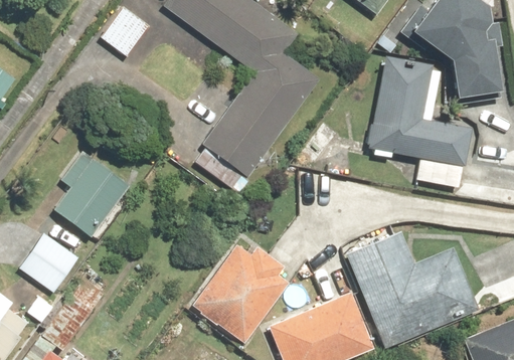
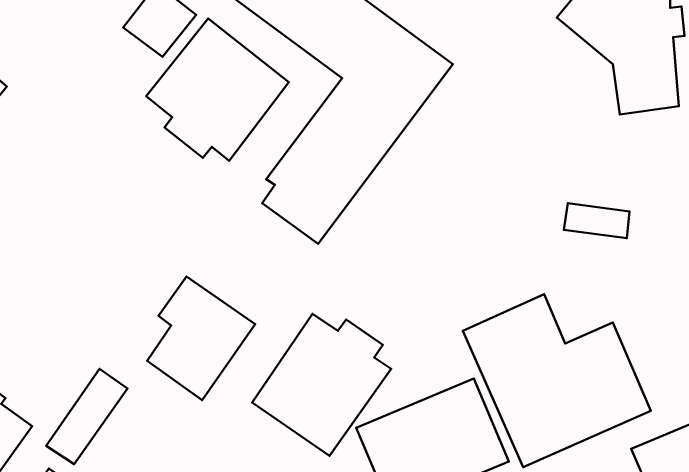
building: none -> [146,18,289,161]
building: [368,56,472,165] -> none
building: [53,150,131,238] -> [147,276,255,400]
building: [19,231,79,292] -> none

